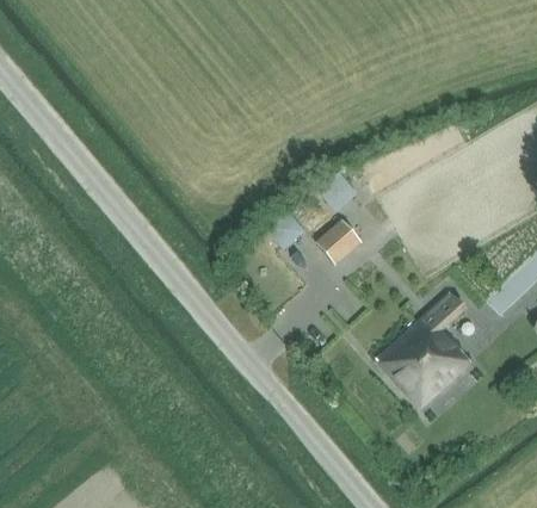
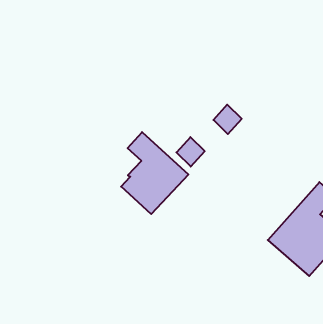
building: none -> [121,132,188,214]
building: [316,222,364,268] -> none

